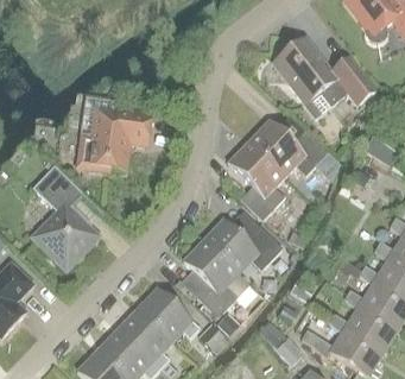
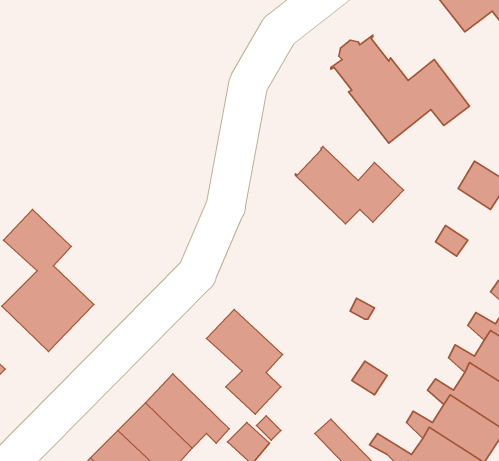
building: [76,96,150,168] -> none
building: [227,139,284,219] -> none
building: [202,216,281,271] -> none

